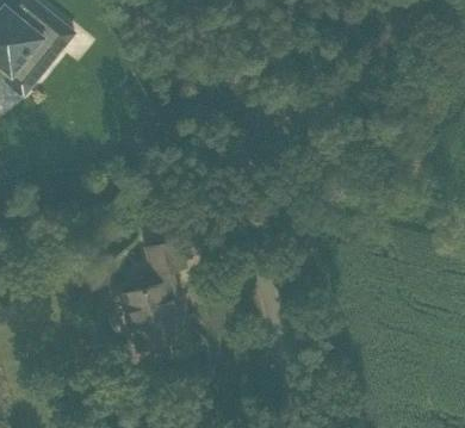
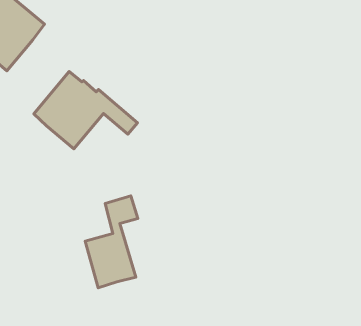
building: none -> [34,72,137,149]

